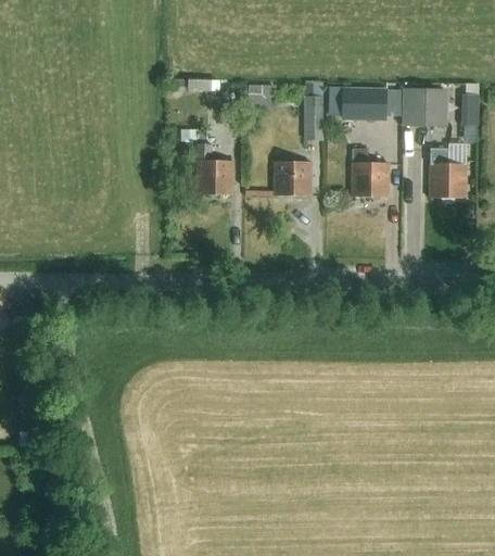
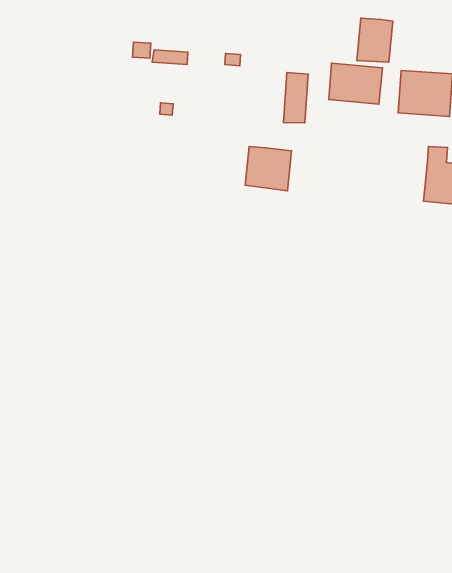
building: none -> [357,18,393,62]
building: [196,144,233,194] -> none
building: [351,149,389,199] -> none

